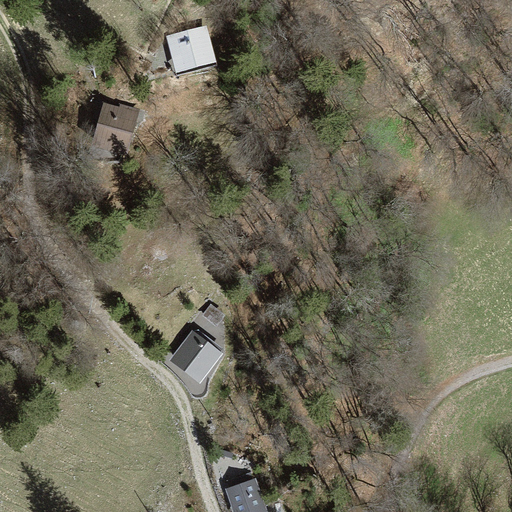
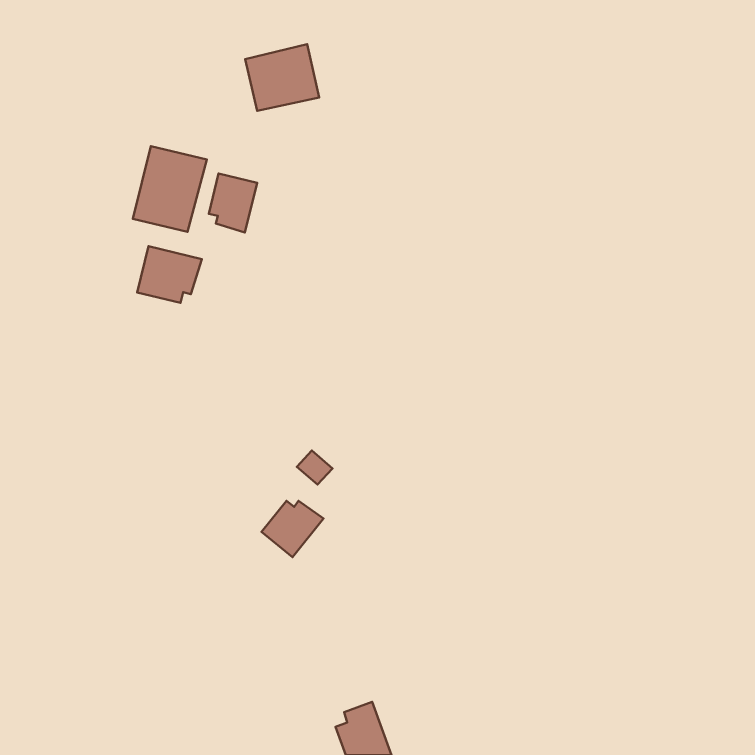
building: none -> [209,173,257,233]
building: none -> [137,246,202,303]

